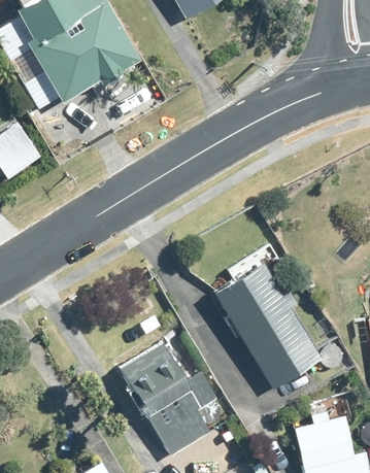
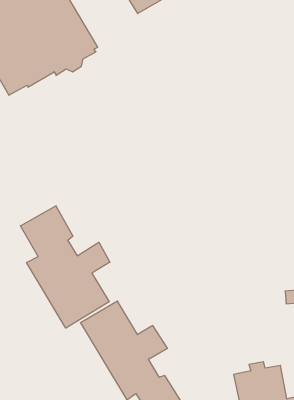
building: none -> [20,206,110,328]
building: [213,262,323,388] -> none

